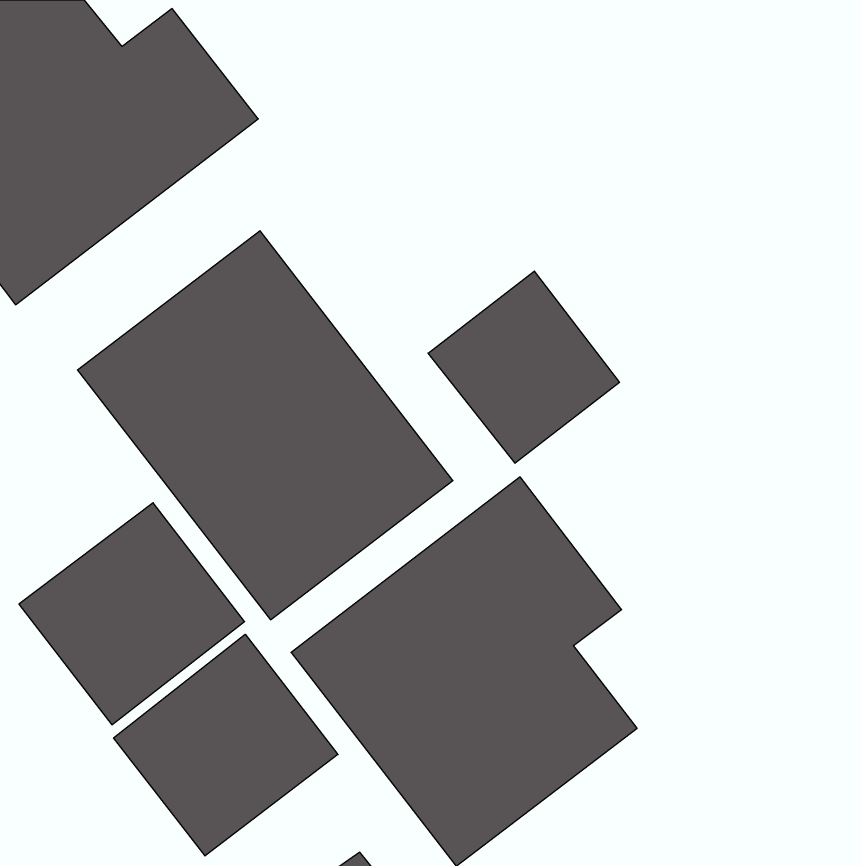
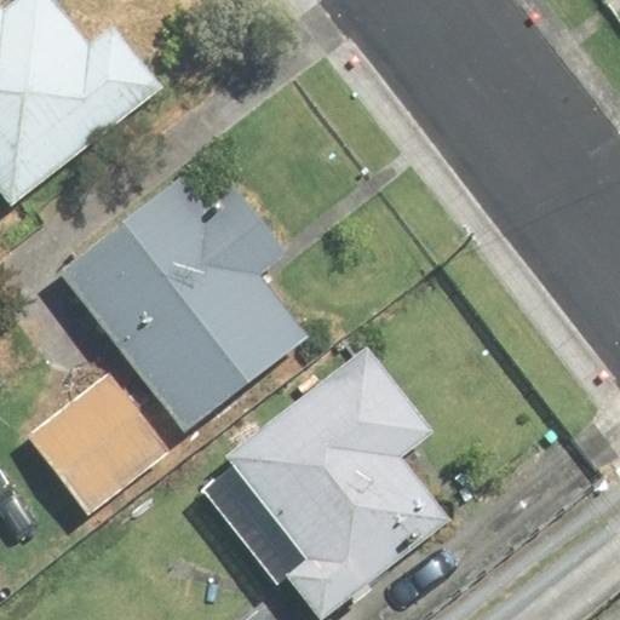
building: [428,271,619,463] -> none
building: [114,634,338,856] -> none

